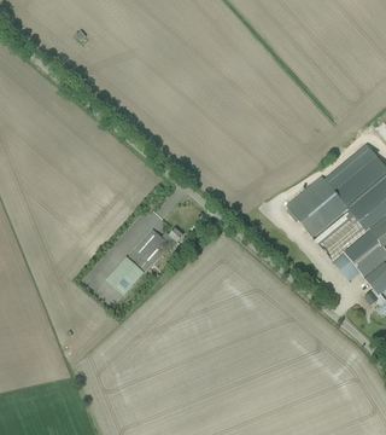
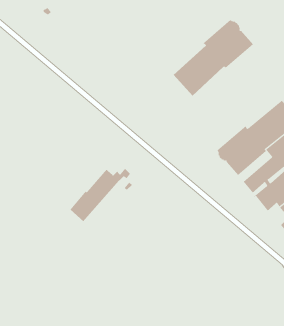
building: none -> [173,19,254,96]

